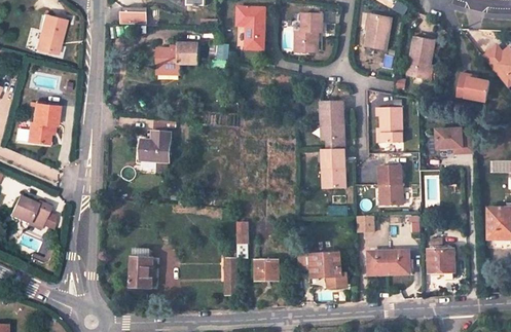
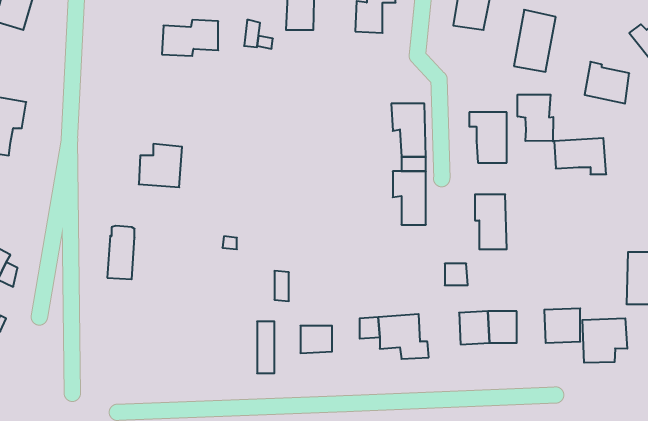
building: none -> [518,95,553,141]
building: [130,249,149,287] -> [107,226,135,279]
building: none -> [582,318,627,363]

